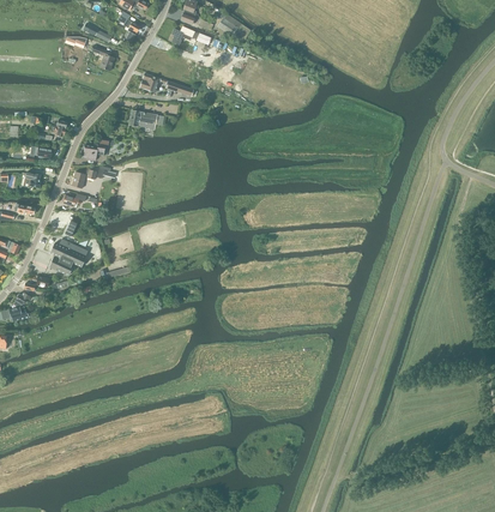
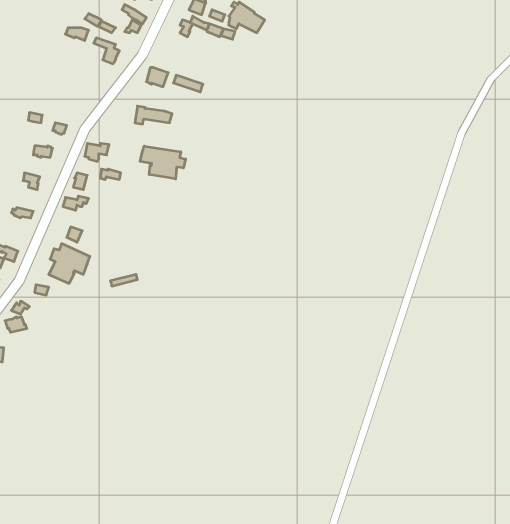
building: none -> [140,146,186,179]

